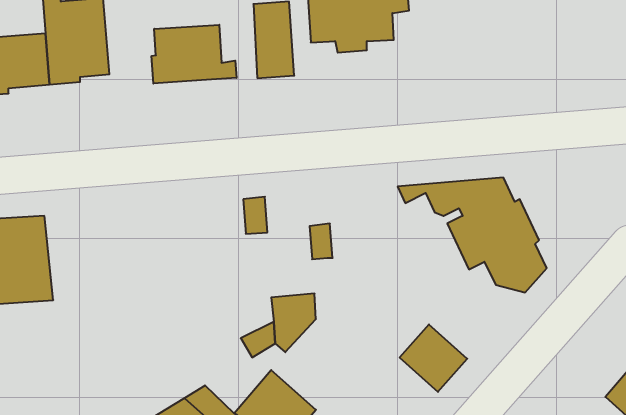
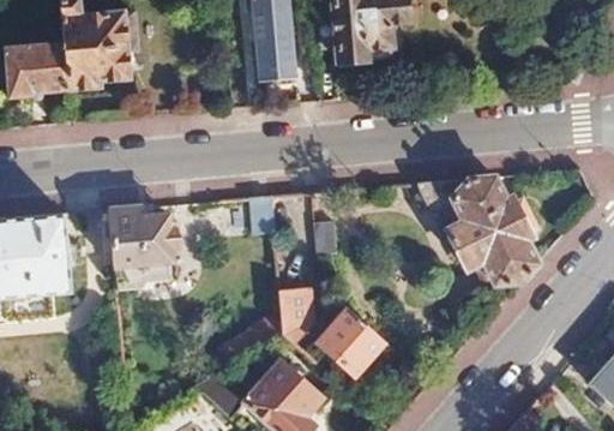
building: [152,25,237,84] -> none
building: none -> [109,208,177,268]
building: [400,324,467,392] -> [323,306,386,370]

